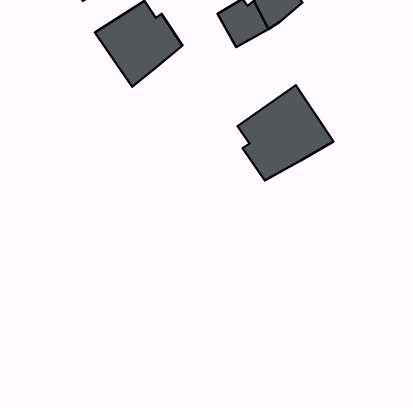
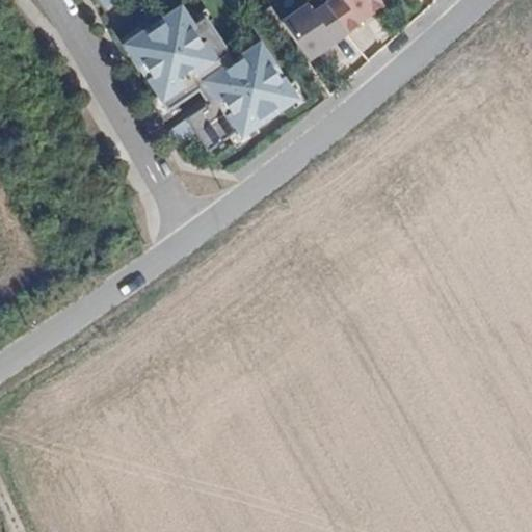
building: none -> [170,38,300,151]
building: [238,85,333,180] -> none

